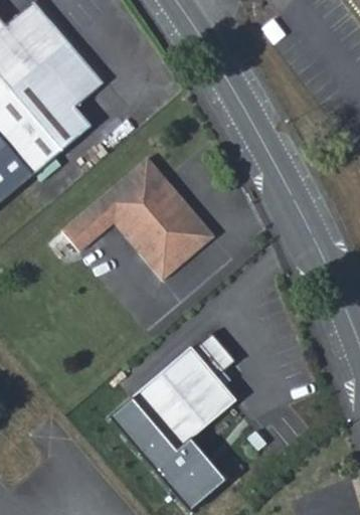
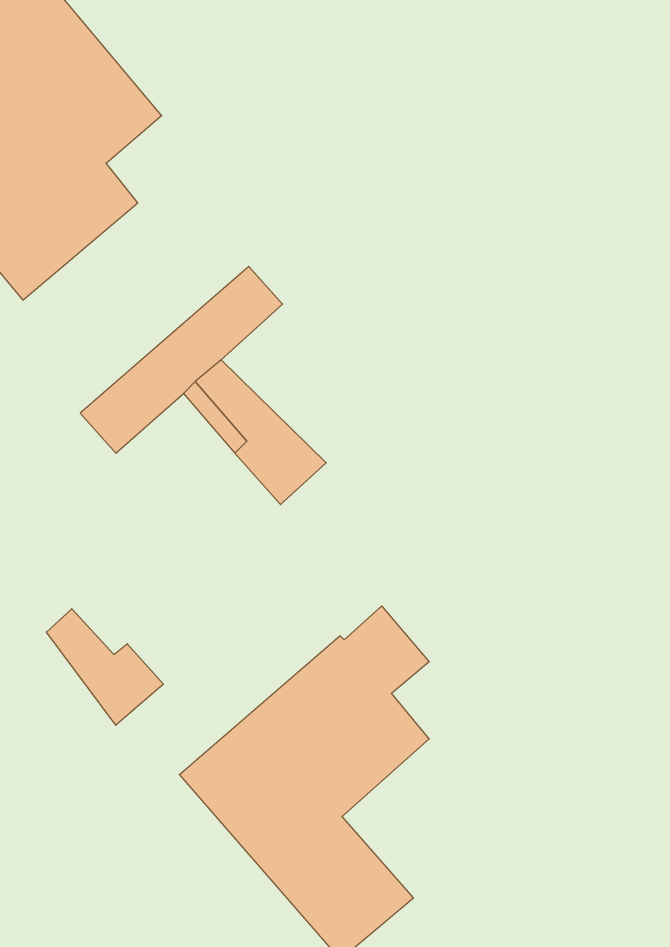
building: [132,177,212,258] -> none
building: none -> [46,609,163,725]

